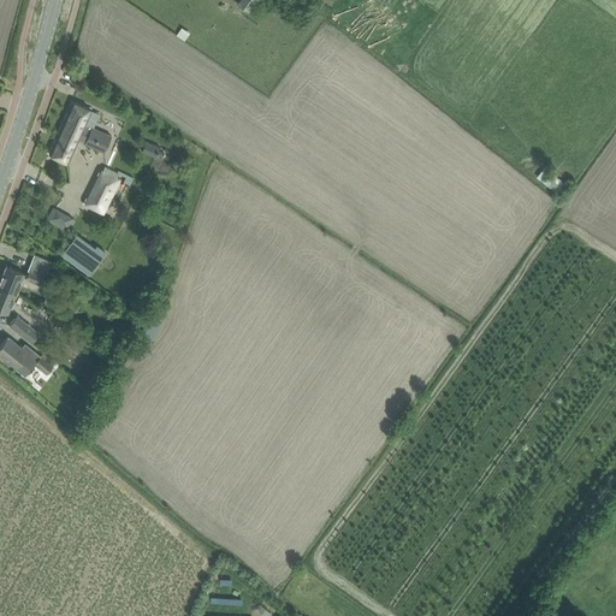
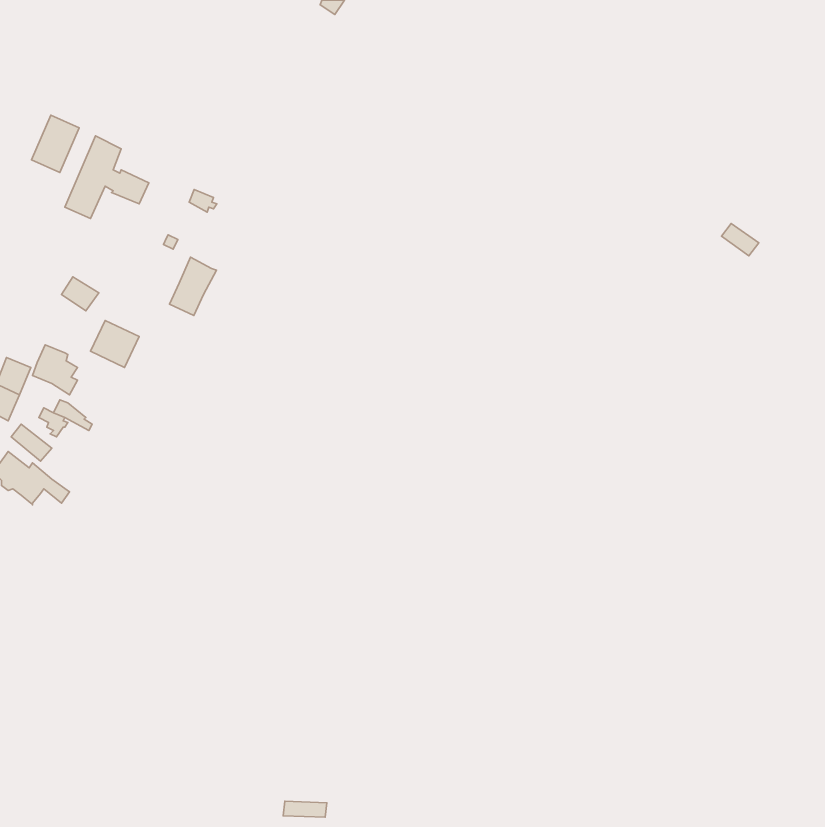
building: none -> [31,115,79,172]
building: [84,170,119,213] -> [170,257,216,316]

